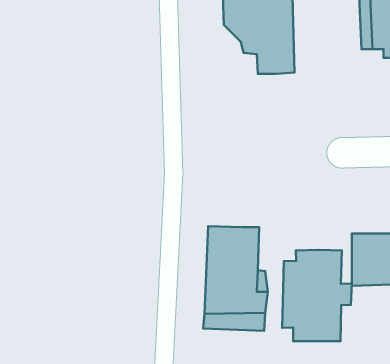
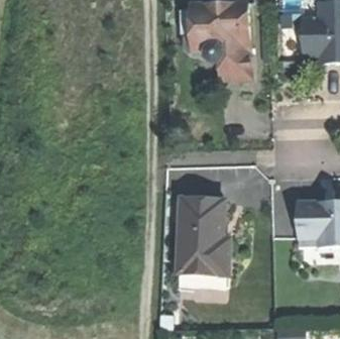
building: [282,250,352,341] -> none

